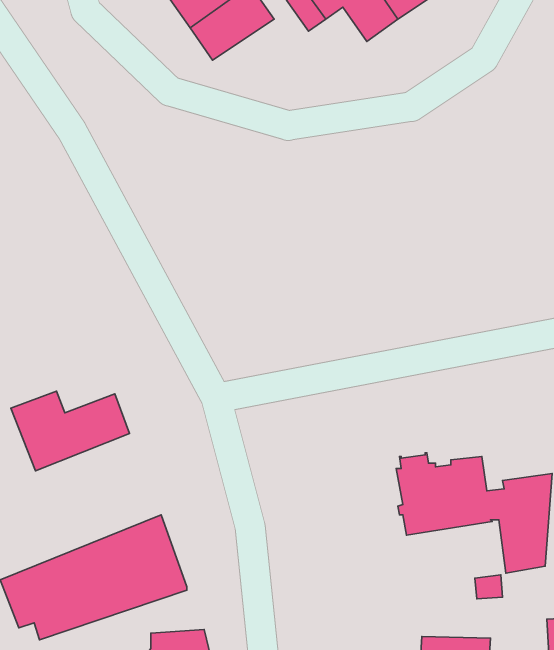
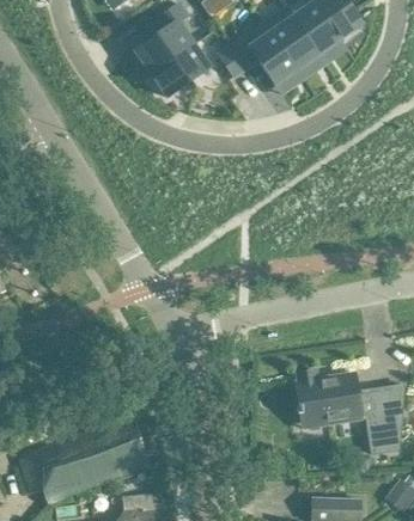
building: [11,391,129,471] -> none

